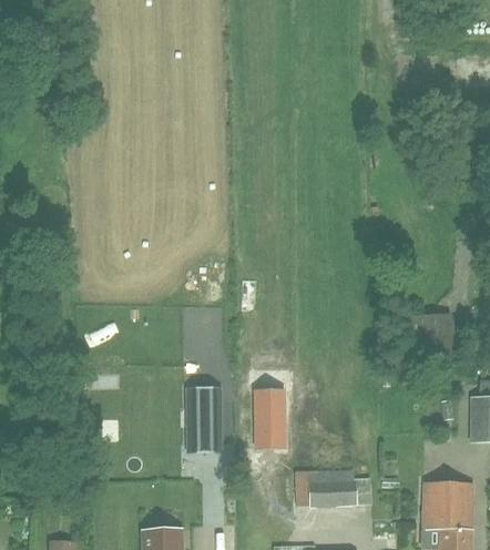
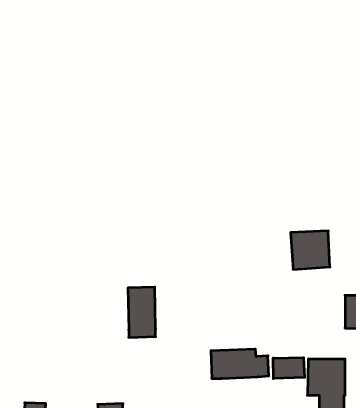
building: [254,388,286,448] -> none
building: none -> [273,358,305,379]

